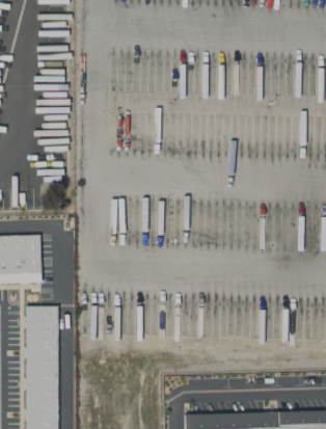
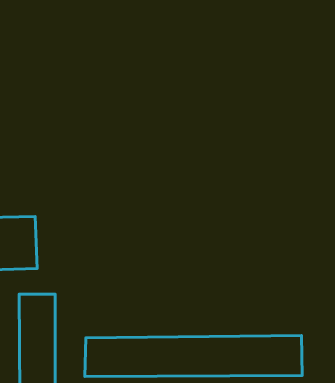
building: none -> [85,335,302,377]

